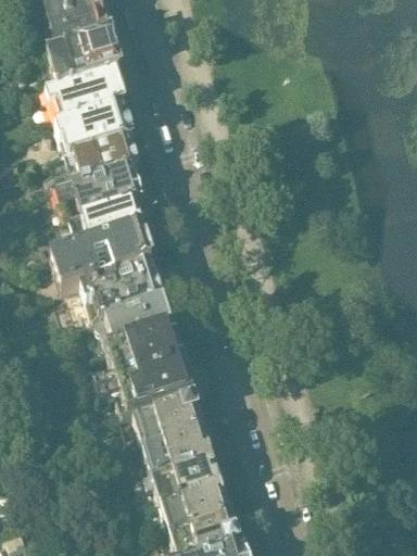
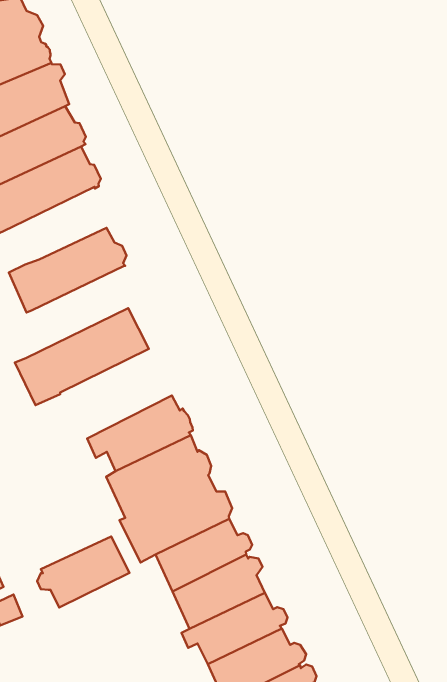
building: [68,150,143,200] -> none
building: [60,212,151,269] -> none
building: [86,276,170,337] -> none
building: none -> [37,537,130,608]

